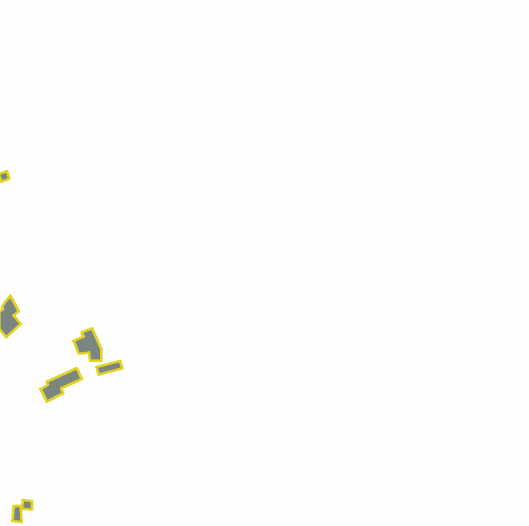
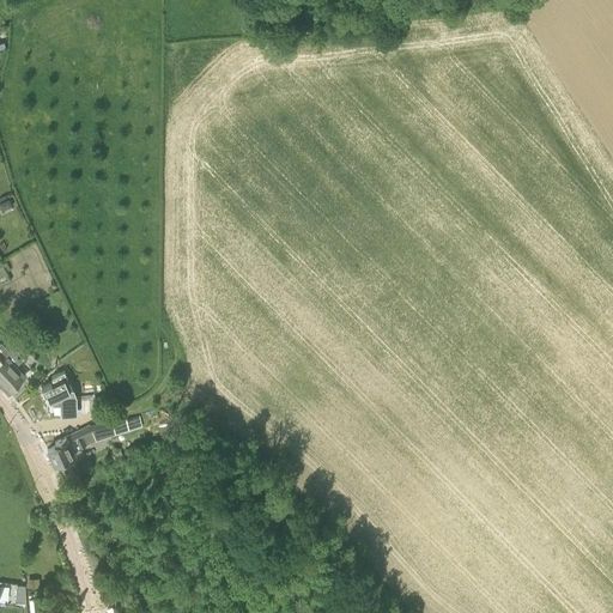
building: [73,328,101,361] -> [42,376,74,413]

